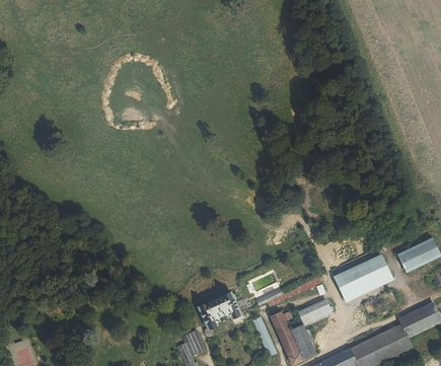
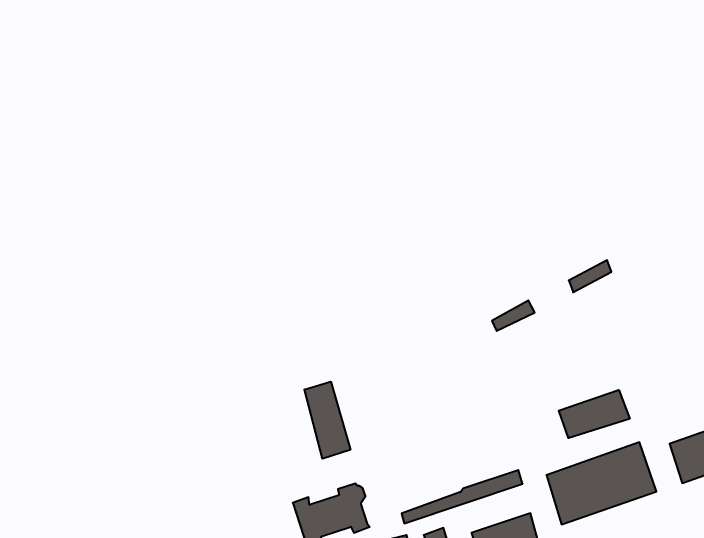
building: none -> [559,390,630,438]
building: none -> [304,382,350,459]

